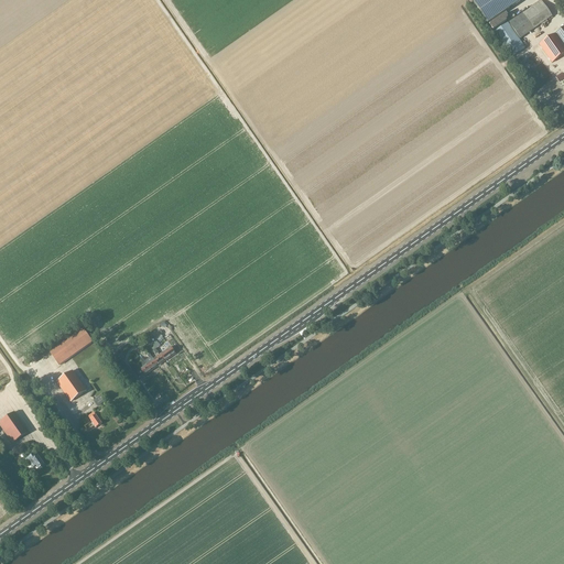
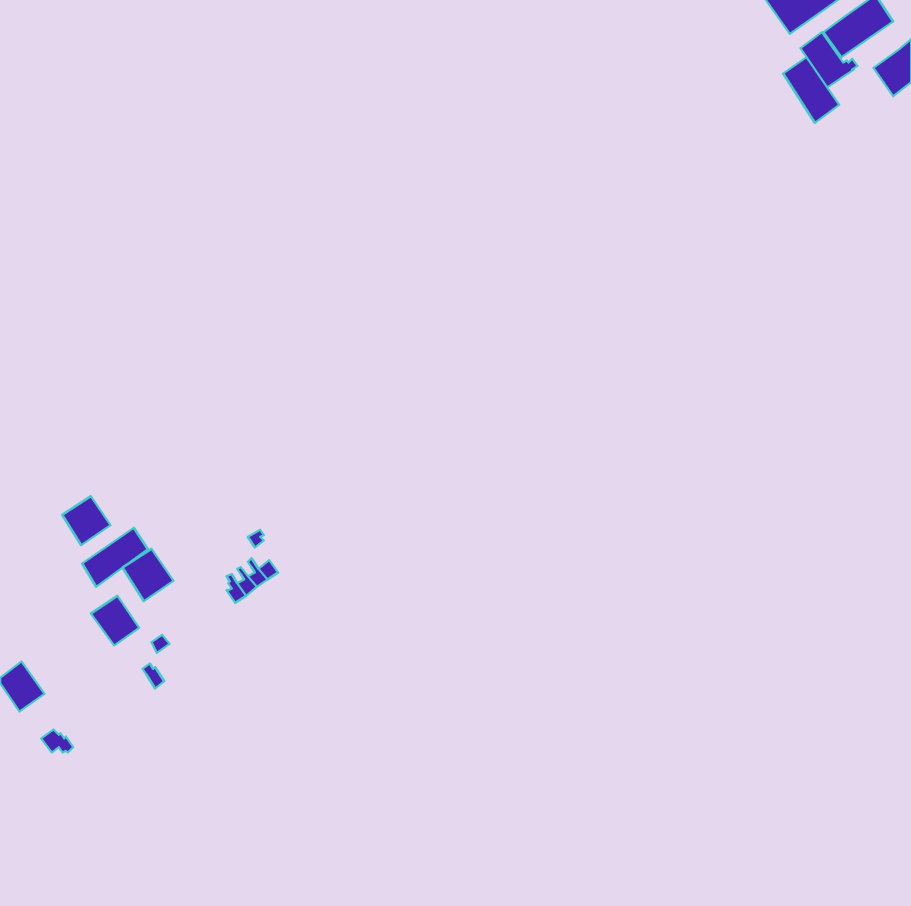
building: none -> [783,57,839,123]
building: none -> [62,496,111,545]
building: none -> [123,549,173,601]

